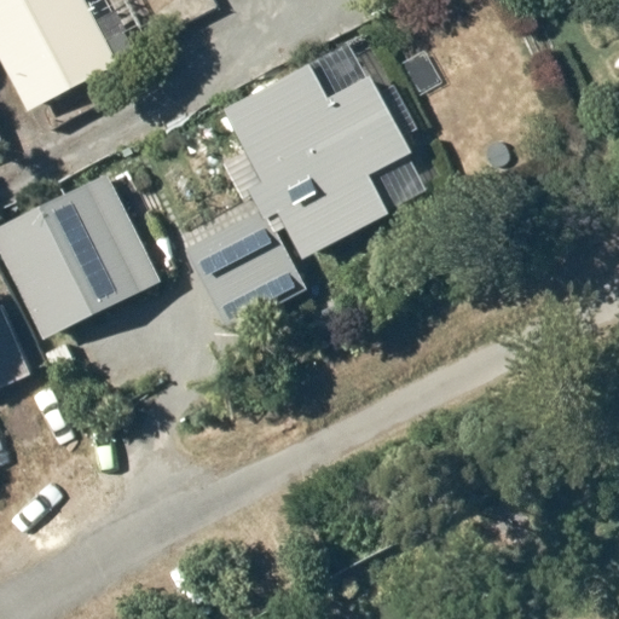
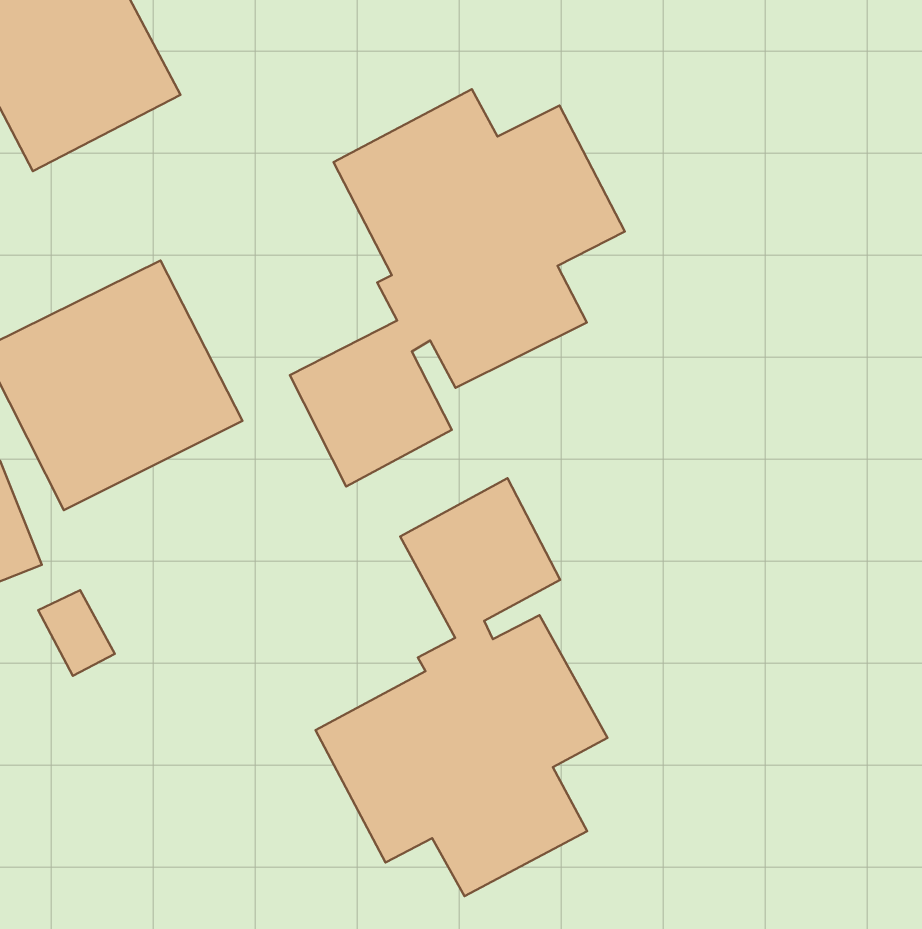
building: none -> [316,478,608,896]

